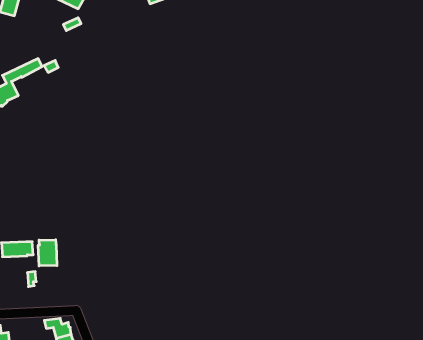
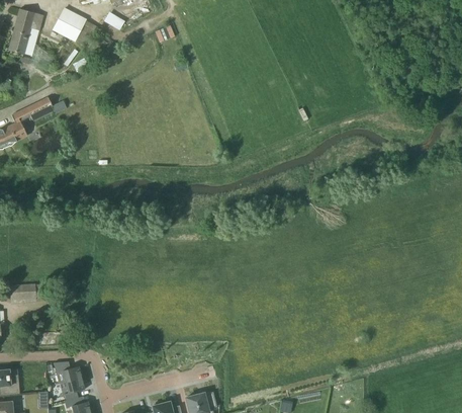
building: [38,240,57,266] -> none

